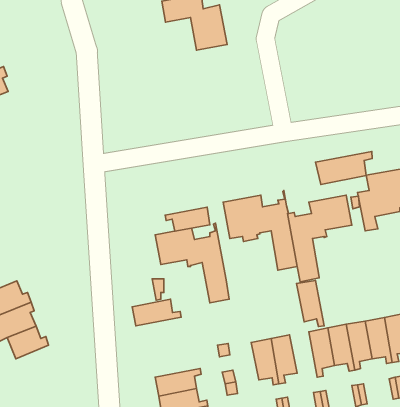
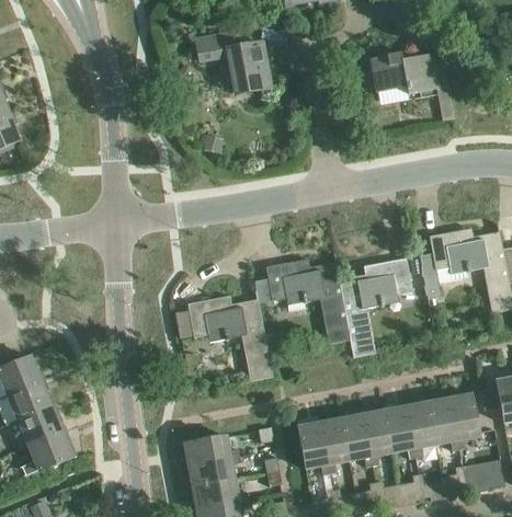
building: none -> [371,51,454,119]
building: [316,151,372,185] -> none
building: [165,207,210,231] -> none
building: [296,281,324,327] -> [341,413,373,466]
building: [132,299,181,326] -> [183,434,239,464]
building: none -> [23,428,72,475]

